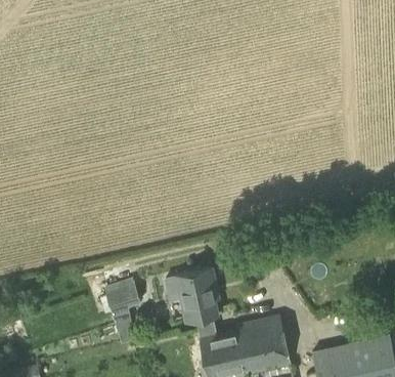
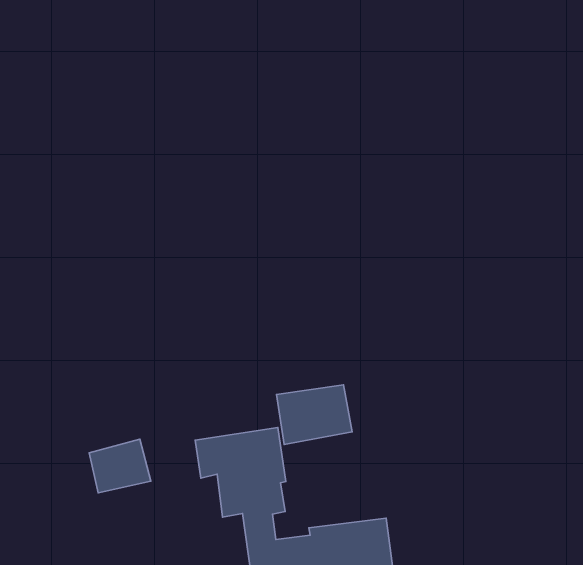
building: none -> [276,385,352,445]

